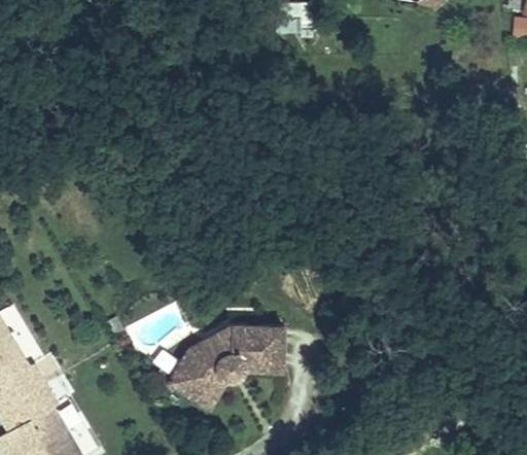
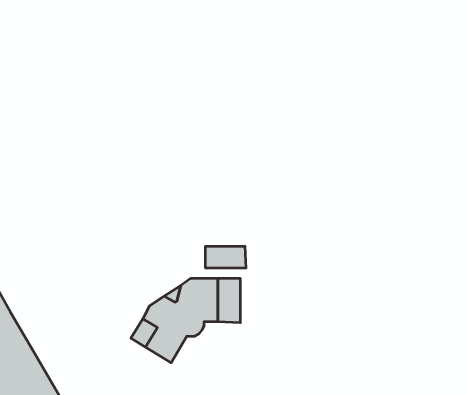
building: none -> [206,246,246,268]

